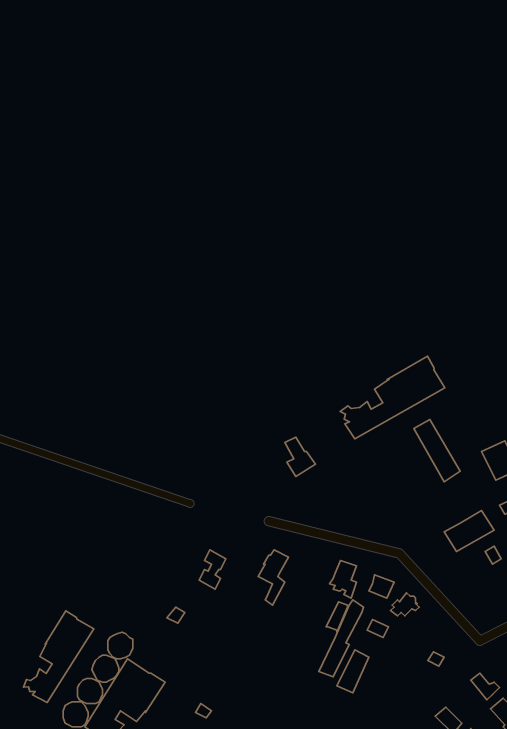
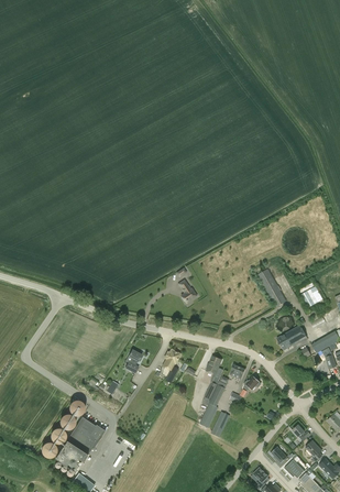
building: [340,356,445,439] -> none
building: [23,611,94,703] -> none

